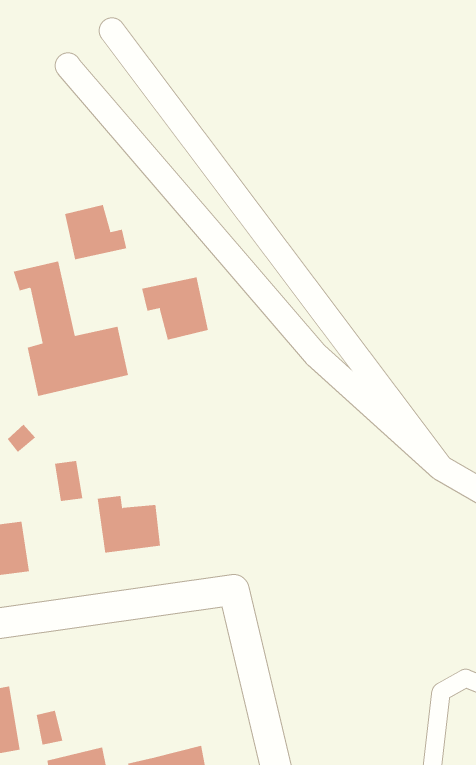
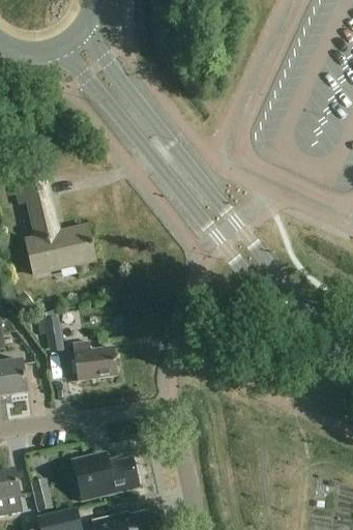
building: [65,204,127,260] -> none
building: [142,276,209,340] -> none
building: none -> [71,453,138,500]

